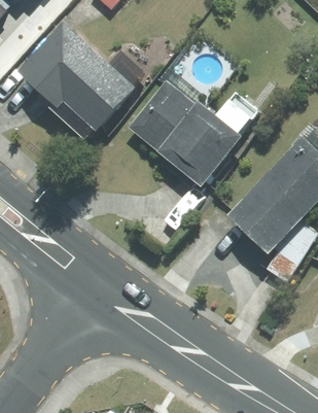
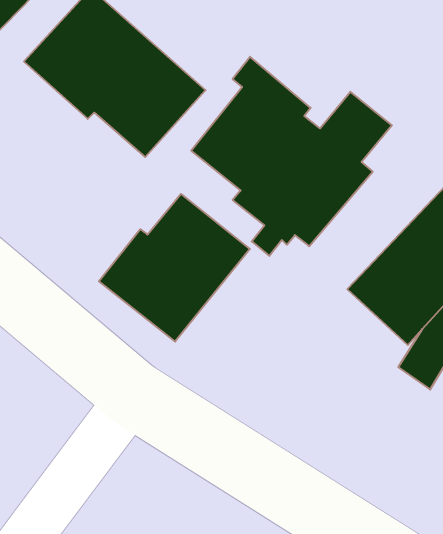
building: none -> [99,194,250,342]

